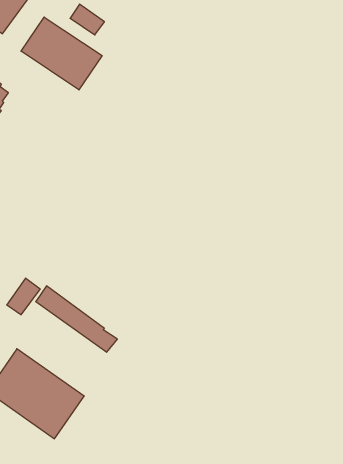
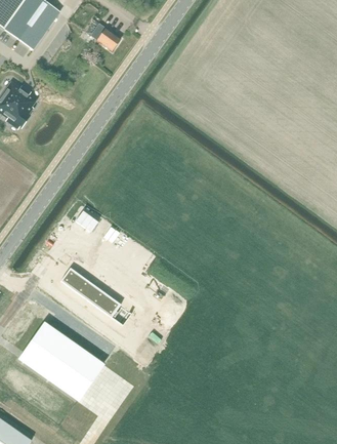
building: [21,17,102,90] -> none
building: [7,278,40,315] -> none

